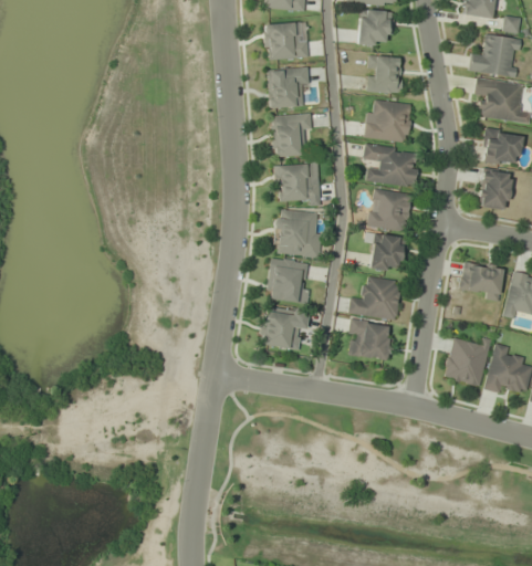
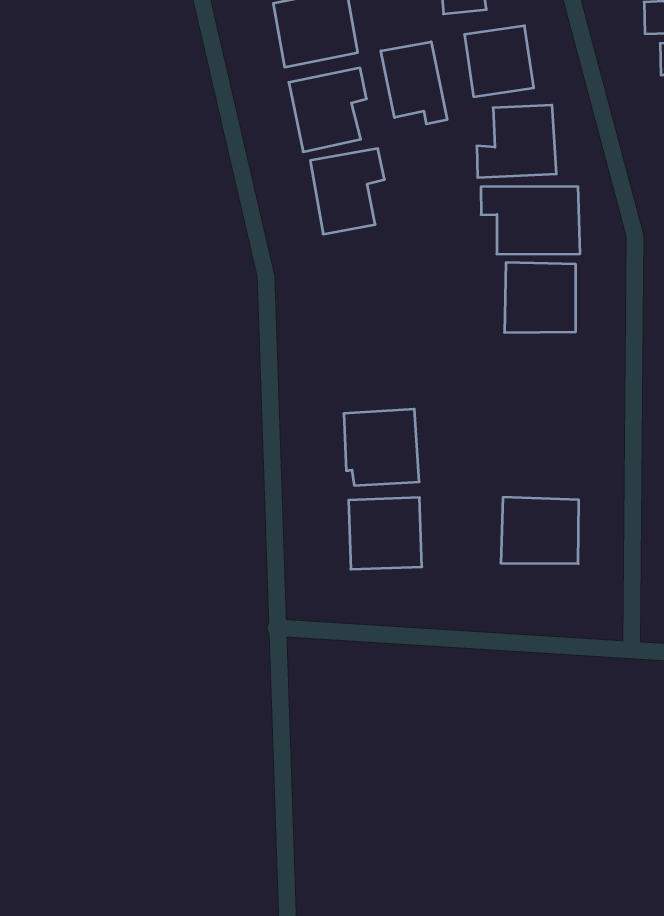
building: none -> [381,42,447,124]
building: [274,161,320,205] -> none
building: [274,210,321,256] -> none
building: [366,233,404,272] -> none
building: [348,276,401,321] -> none

